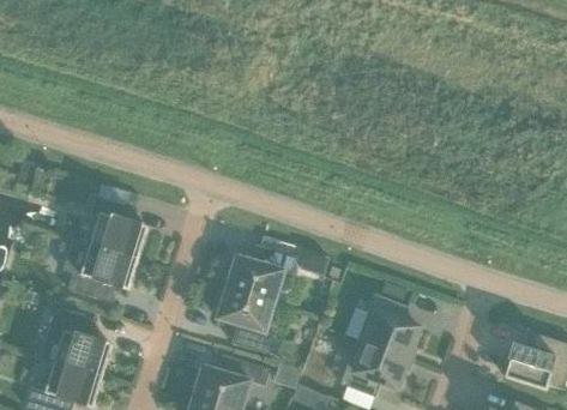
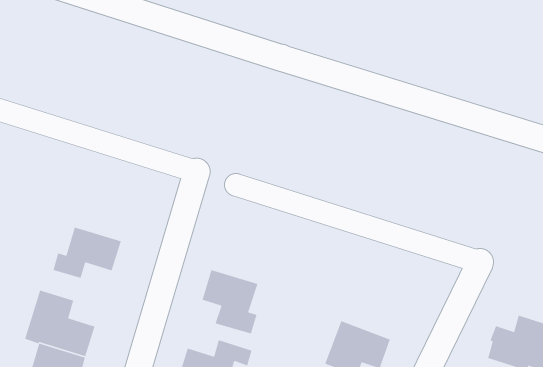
building: [88,195,145,258] -> none
building: [225,247,295,301] -> none
building: [356,294,418,357] -> none

